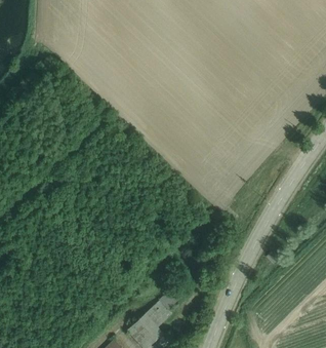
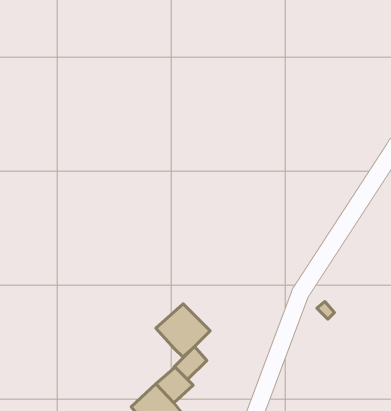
building: none -> [156,304,210,357]

